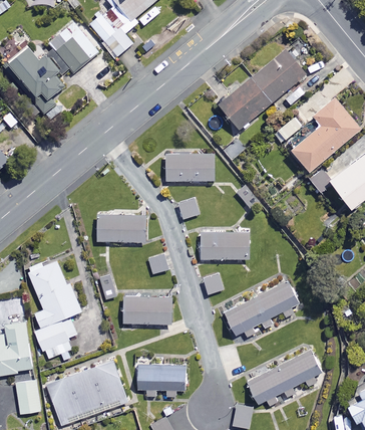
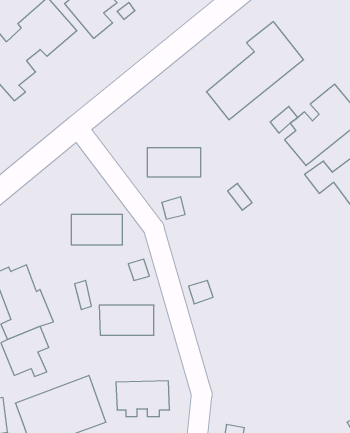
building: [200,232,249,259] -> none
building: [225,278,299,337] -> none
building: [247,350,321,405] -> none

